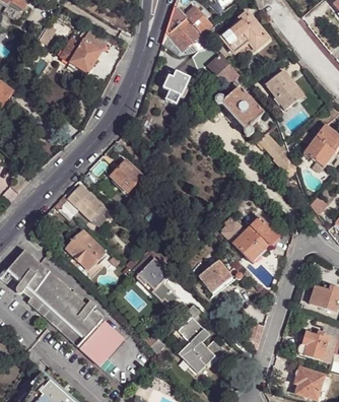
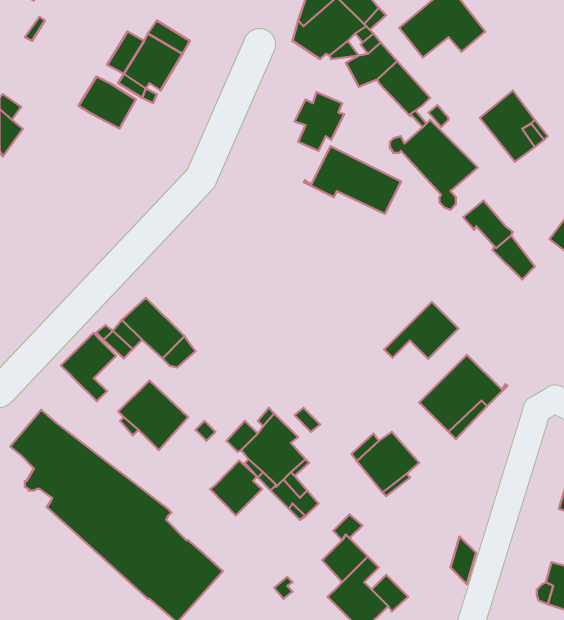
building: none -> [79,77,136,129]
building: none -> [304,146,401,214]
building: [112,158,142,190] -> none
building: none -> [384,302,458,359]
building: none -> [61,333,116,401]
building: none -> [210,461,262,515]

